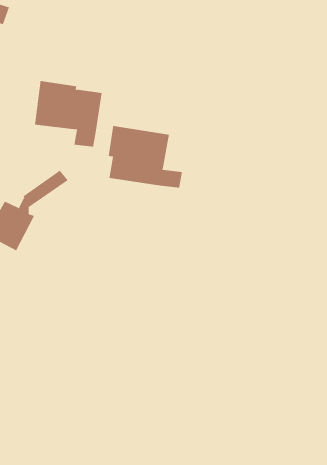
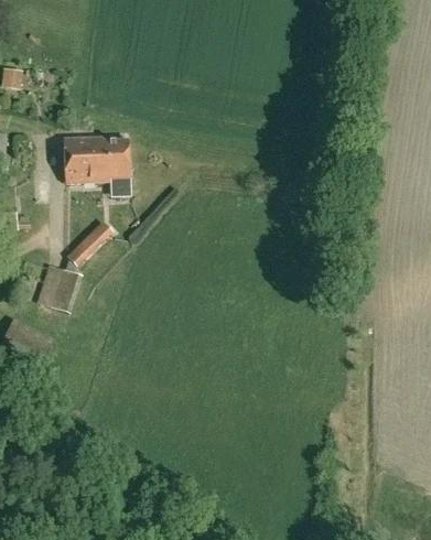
building: [108,125,183,188] -> none

